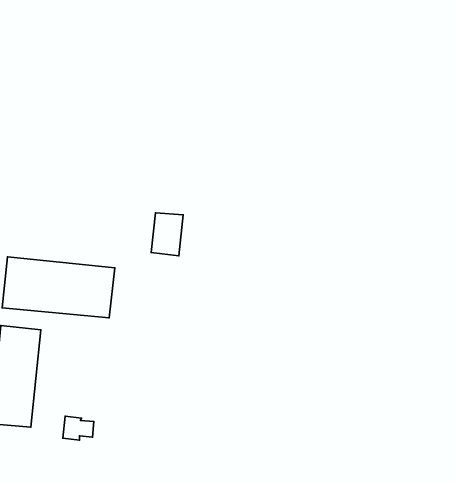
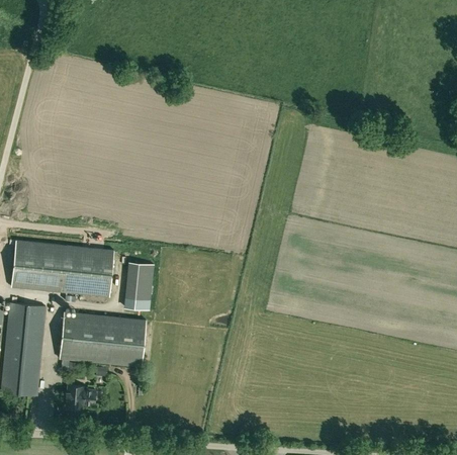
building: [151,213,183,256] -> [124,263,154,302]
building: none -> [59,312,146,368]

